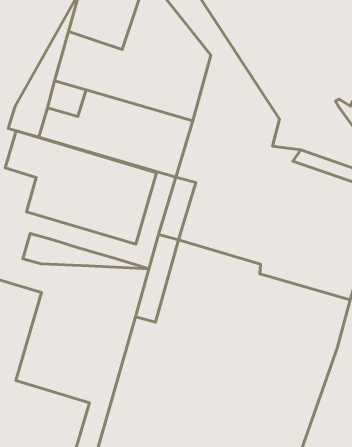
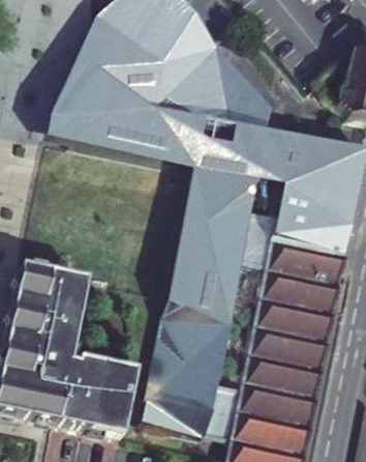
building: [5,131,156,244] -> none
building: [23,234,149,269] -> none

